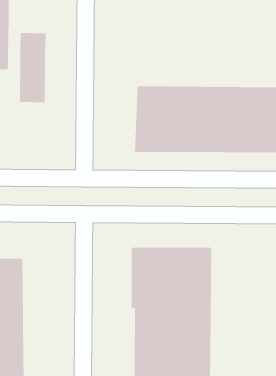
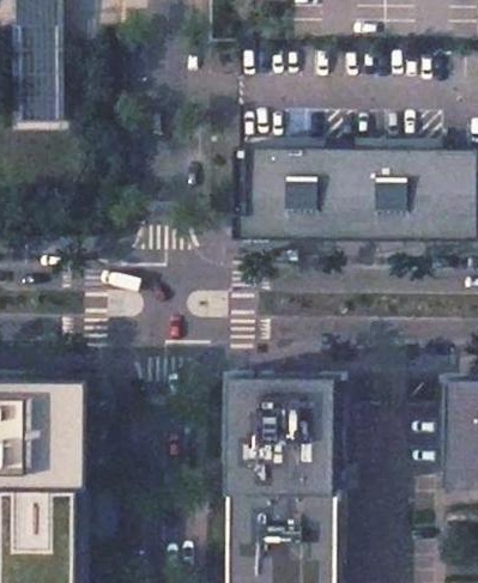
building: [19,32,46,103] -> none

